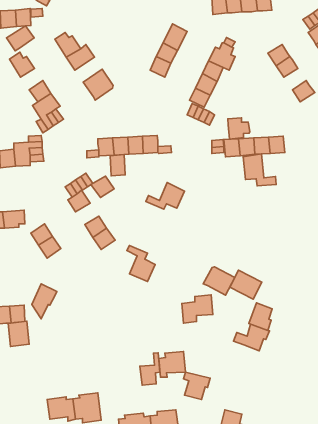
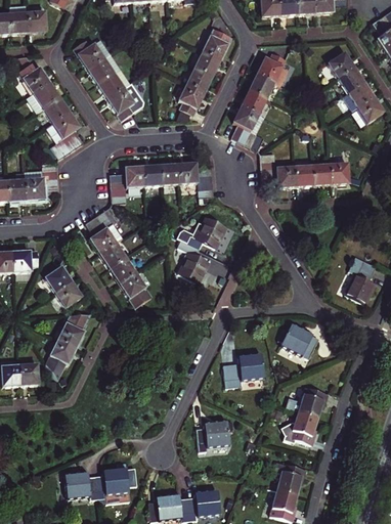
building: [7,26,34,51] -> [27,82,59,112]
building: none -> [97,69,130,98]
building: none -> [342,82,374,112]
building: none -> [179,84,205,115]
building: [228,118,250,139] -> none
building: [243,154,276,186] -> none
building: [110,155,125,176] -> none
building: [91,176,114,197] -> [98,243,126,268]
building: none -> [346,254,377,303]
building: [127,246,155,282] -> [179,241,213,283]
building: none -> [57,314,90,348]
building: [203,267,235,295] -> none
building: [249,303,272,330] -> [290,411,317,444]
building: [8,321,29,347] -> none
building: [140,353,160,385] -> none
building: [184,372,210,400] -> [275,462,307,494]

